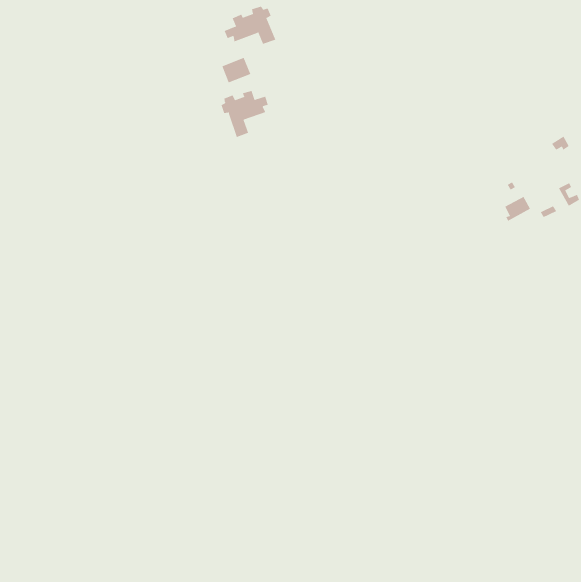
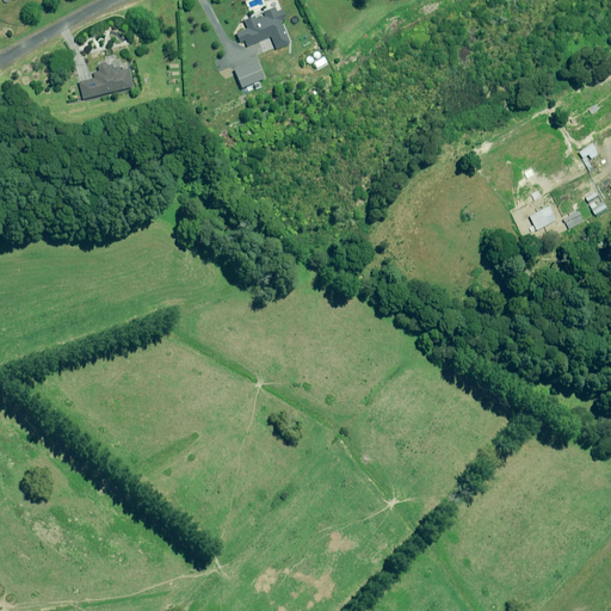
building: none -> [79,62,132,98]
building: [221,90,269,138] -> none

